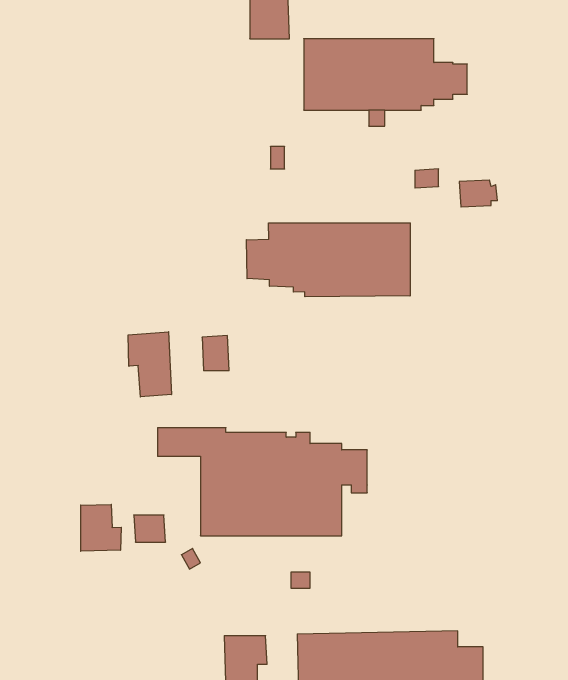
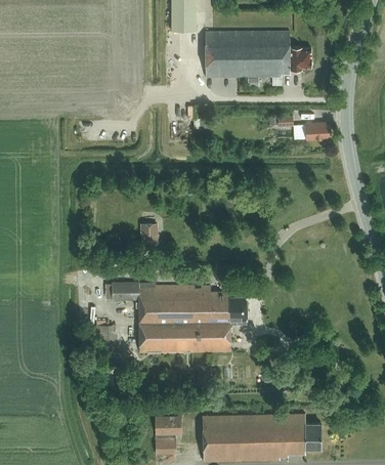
building: [246,223,410,297] -> none
building: [128,332,171,397] -> none
building: [81,504,121,551] -> none

